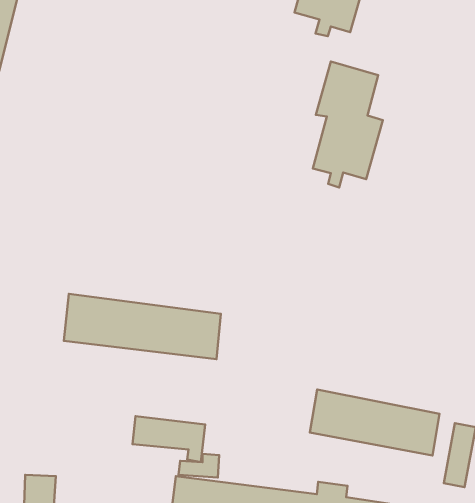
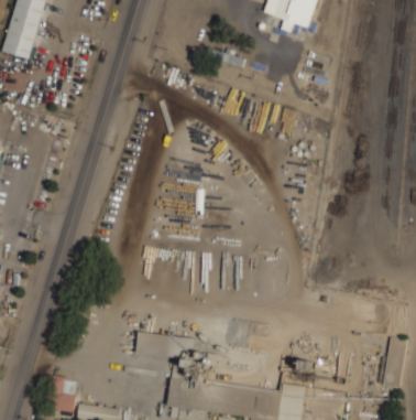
building: [313,62,383,188] -> none
building: [64,294,221,359] -> none
building: [310,389,439,455] -> none

